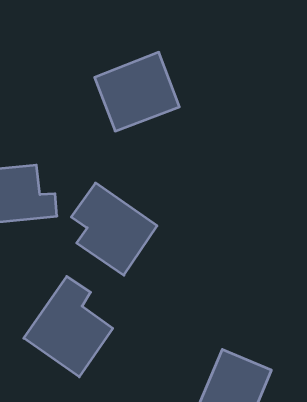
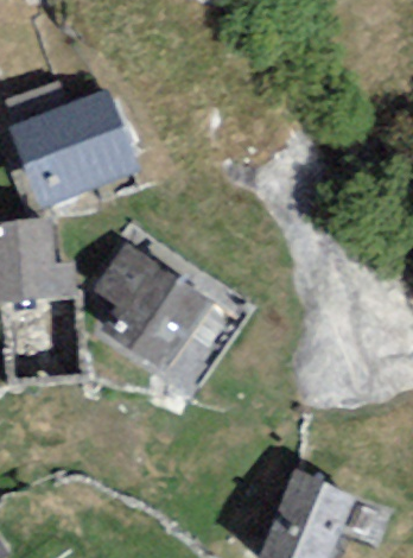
building: [95,52,179,131] -> [17,95,129,199]
building: [24,276,113,377] -> none

